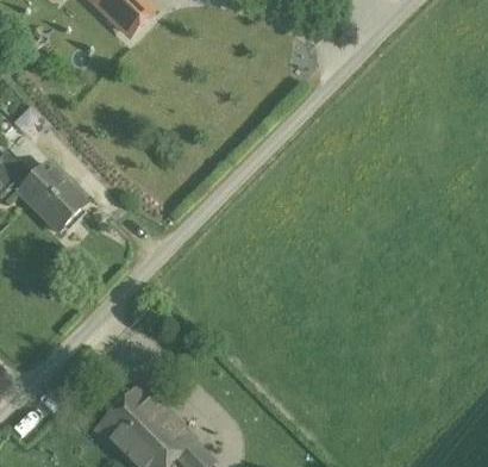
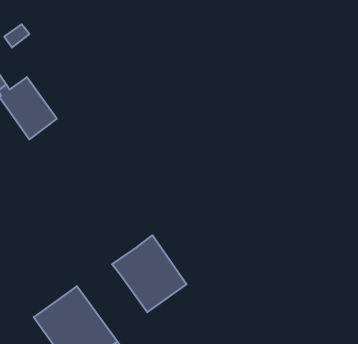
building: none -> [112,235,187,312]

